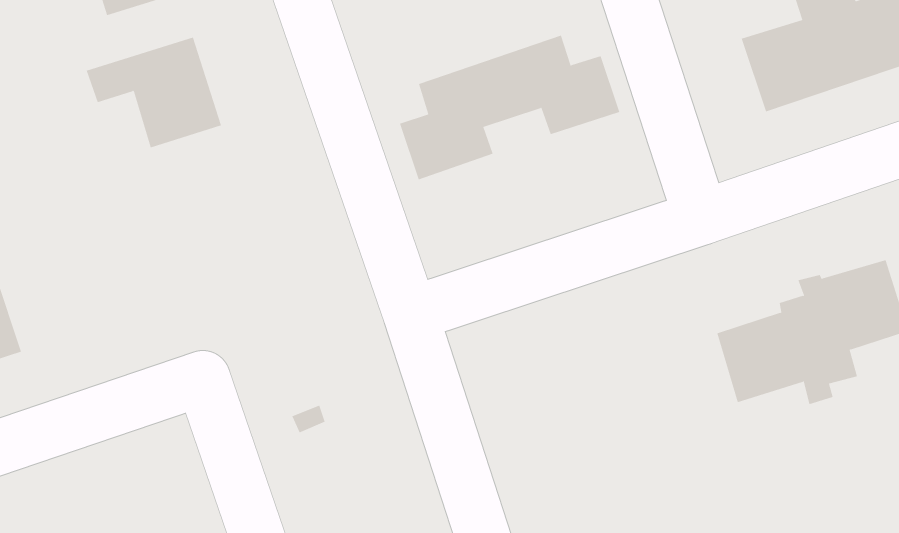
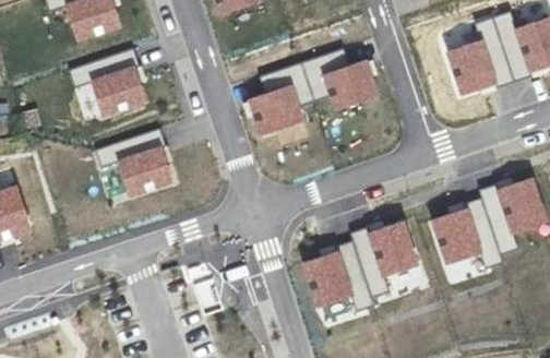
building: none -> [94,131,171,195]
building: none -> [304,223,417,307]

